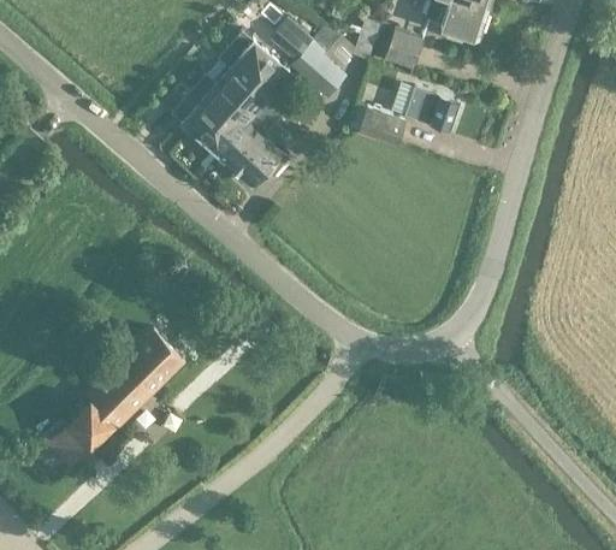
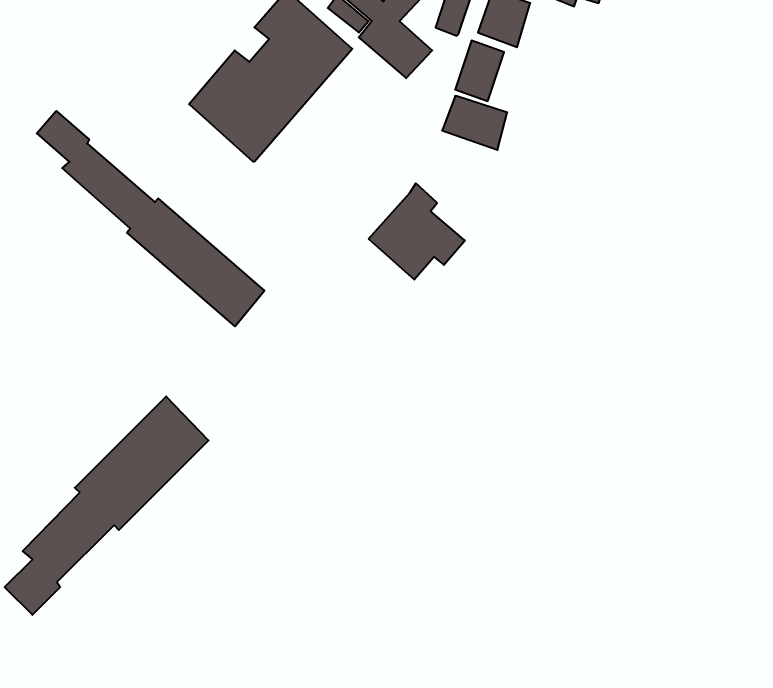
building: [403,89,456,131] -> none
building: [218,116,289,187] -> [369,183,465,280]
building: none -> [37,111,264,326]

